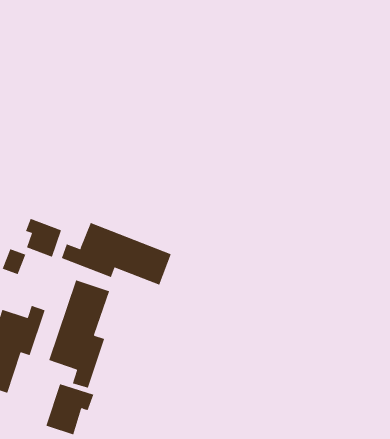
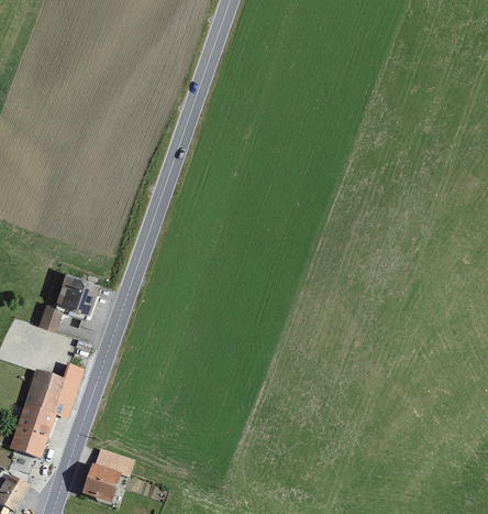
building: [61,222,172,286] -> none
building: [48,280,110,389] -> none

